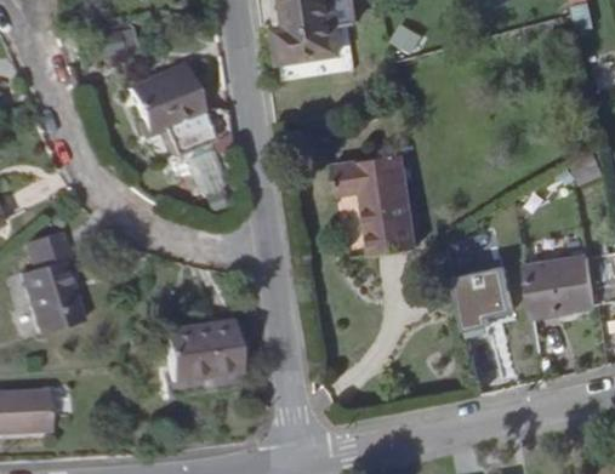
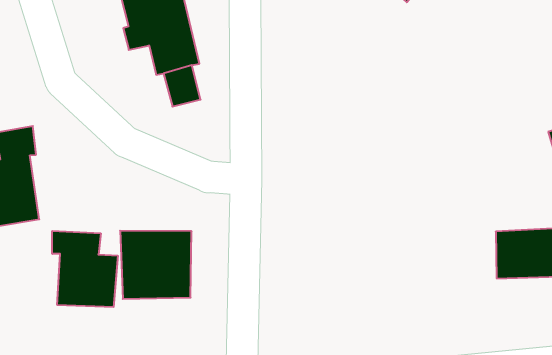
building: [338,155,421,256] -> none
building: [459,263,520,330] -> none
building: none -> [52,231,118,307]

